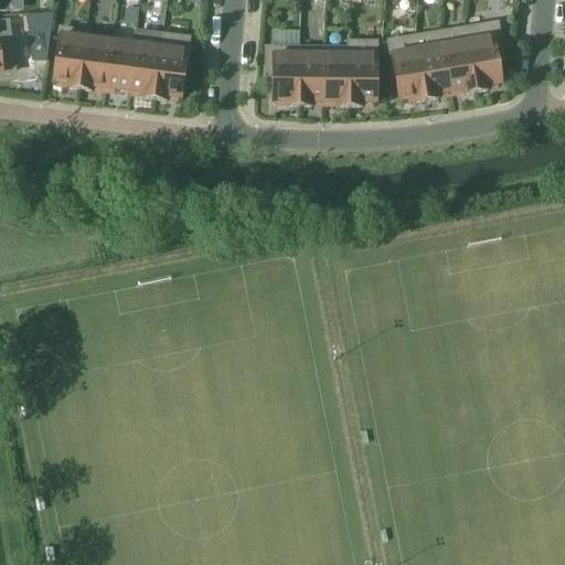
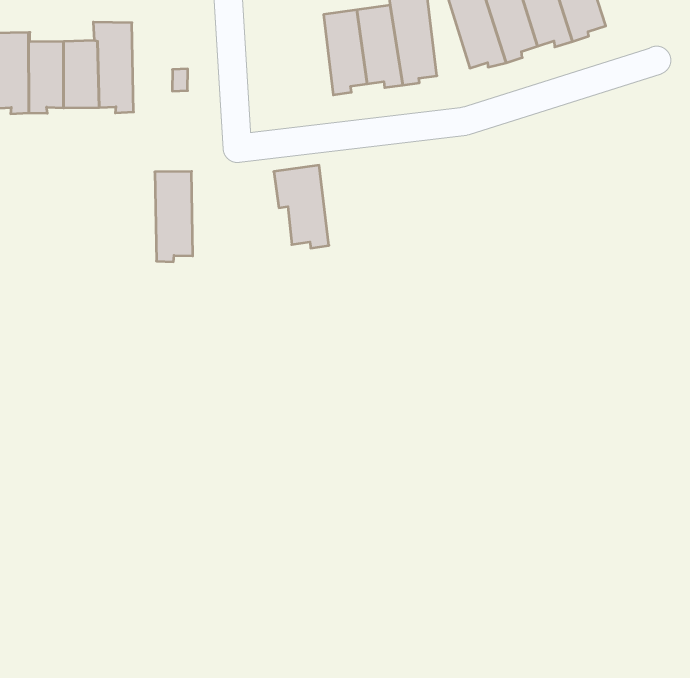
building: [154,33,189,99] -> [155,171,193,262]
building: [267,46,300,105] -> [274,165,329,248]

